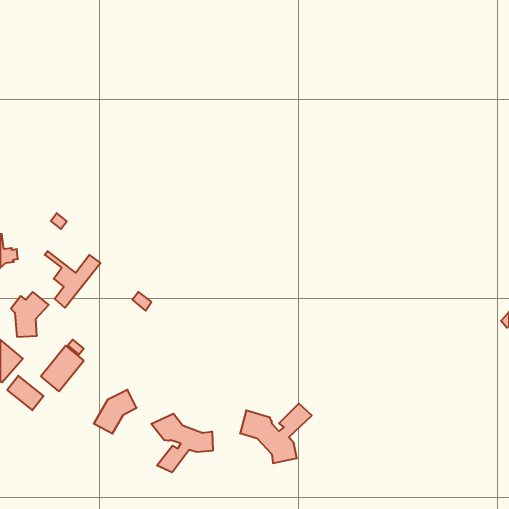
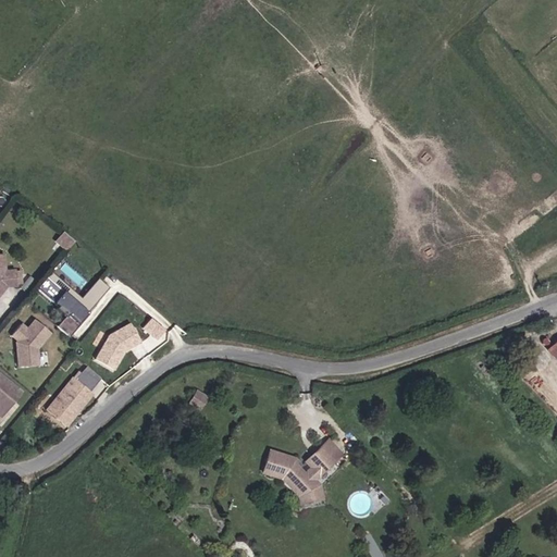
building: [7,376,43,410] -> none
building: [94,390,137,434] -> [95,323,141,371]
building: [151,414,213,472] -> none

